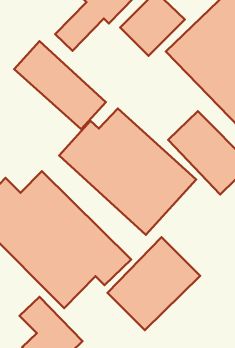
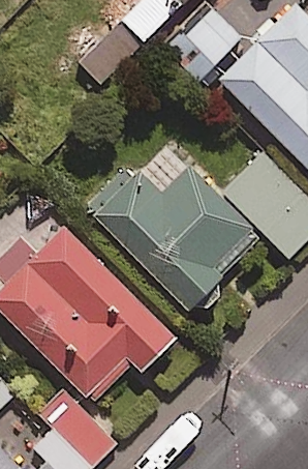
building: [14,41,106,129] -> none
building: [107,237,200,330] -> none

